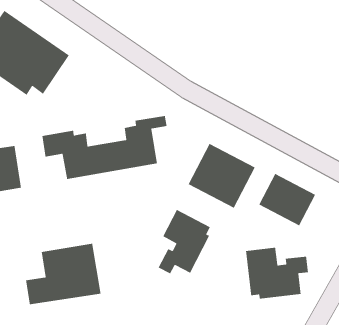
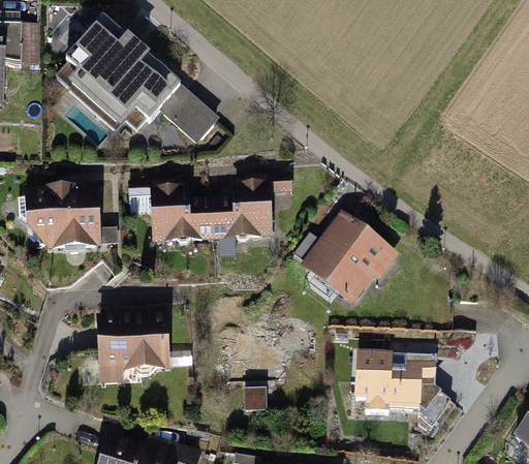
building: none -> [161,82,219,138]
building: [258,173,316,227] -> none
building: [158,209,211,275] -> none

